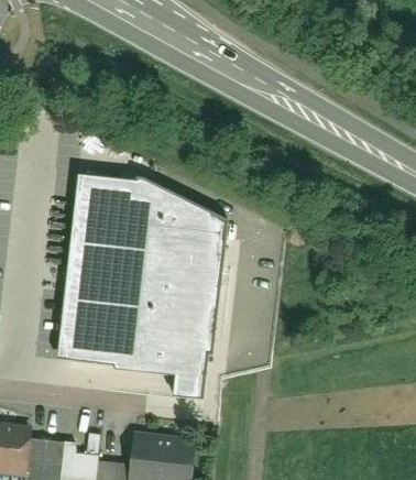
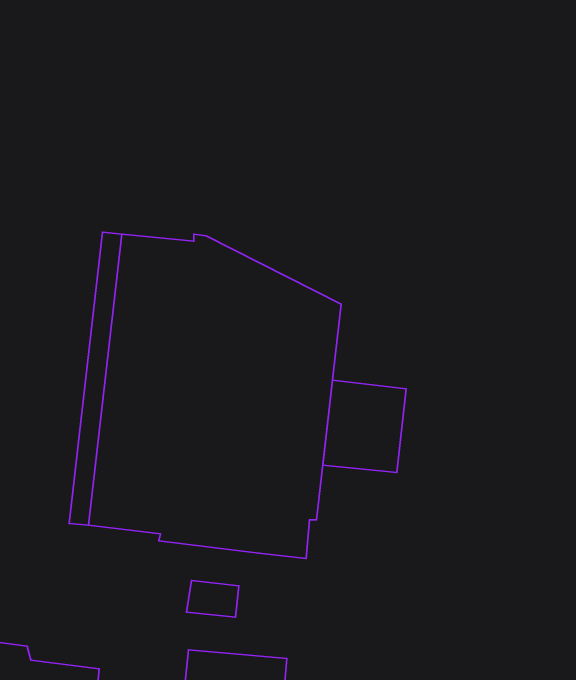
building: none -> [323,380,406,472]
building: [172,373,205,396] -> [186,580,239,617]

